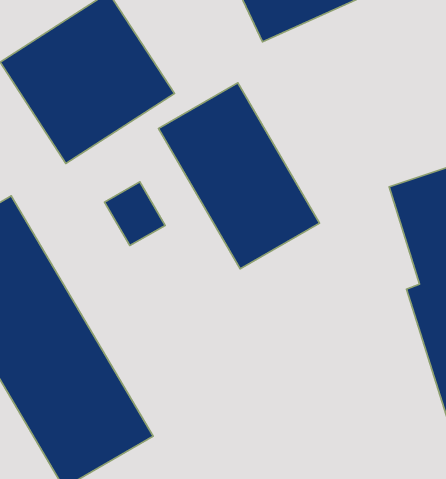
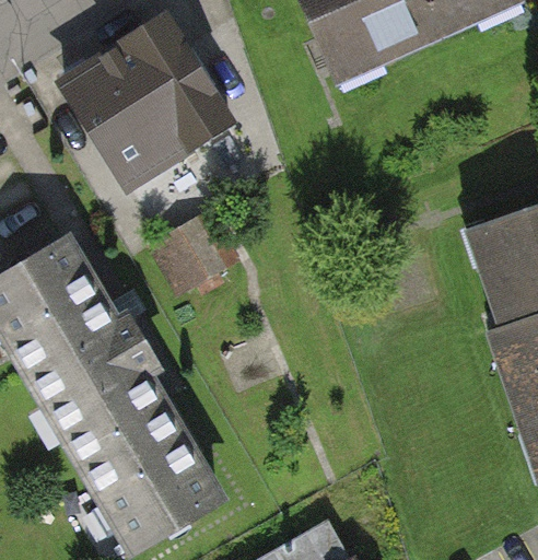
building: [158,83,320,269] -> none

